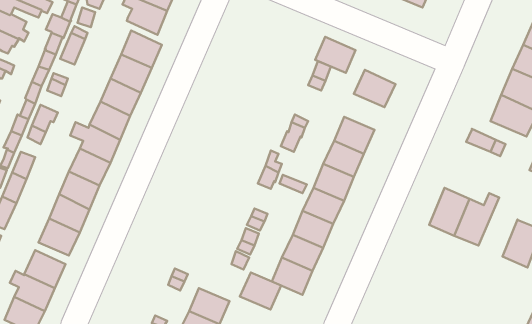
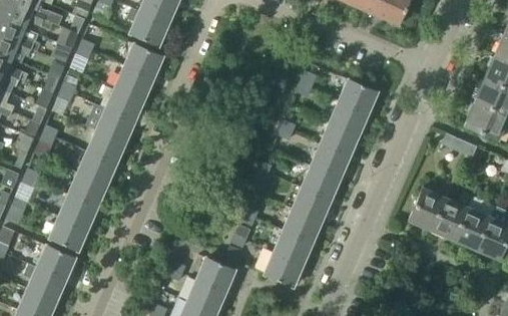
building: [315,37,356,73] -> [329,102,366,135]
building: none -> [452,198,494,252]
building: [240,273,281,310] -> [195,259,233,293]

